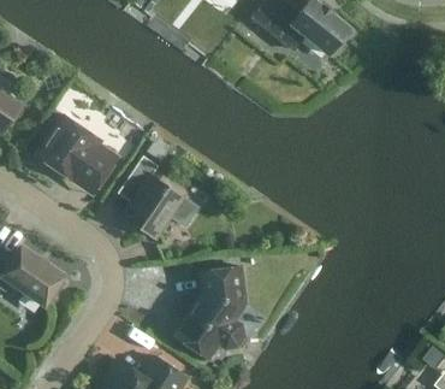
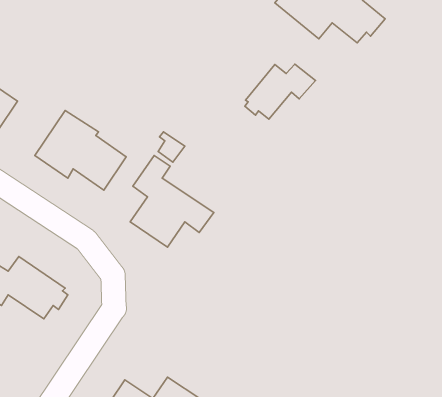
building: none -> [245,64,315,119]
building: [173,266,244,354] -> none

